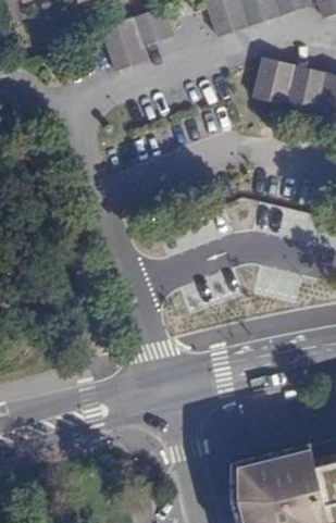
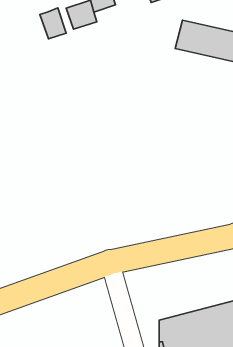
building: none -> [40,8,66,39]

